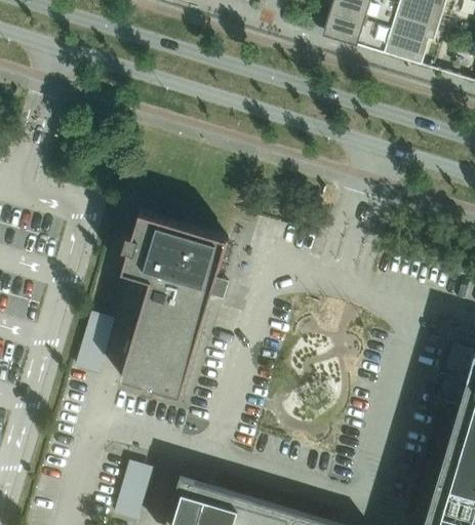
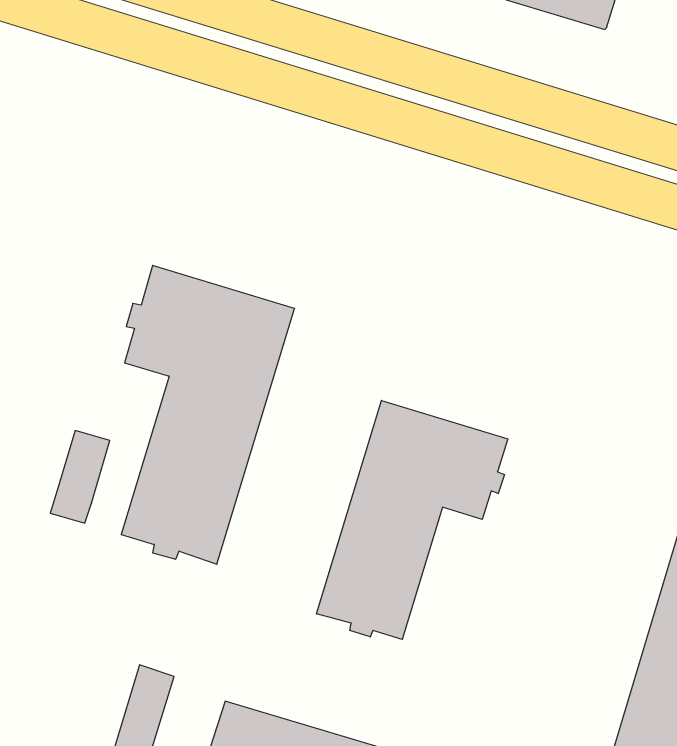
building: none -> [317,400,508,639]

